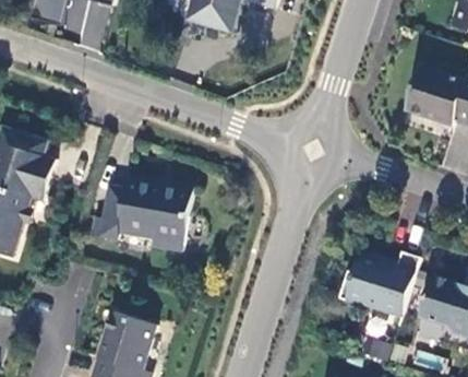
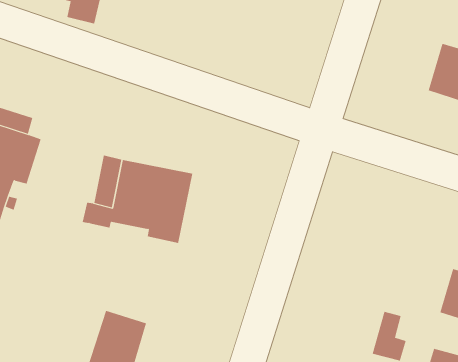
building: [338,254,420,317] -> none

